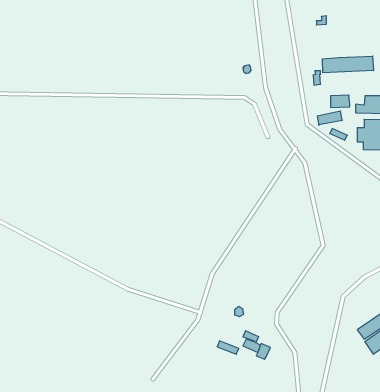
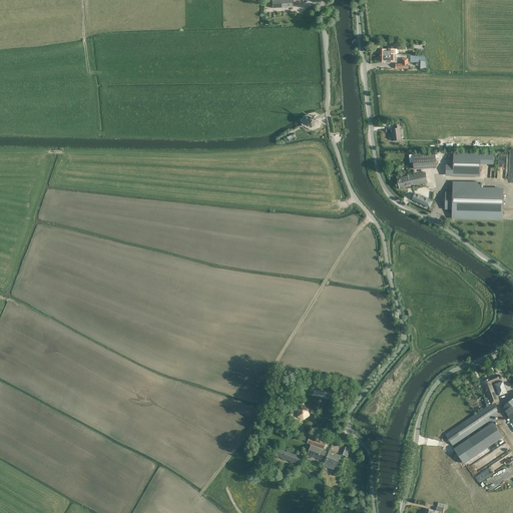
building: [322,56,373,73] -> none

